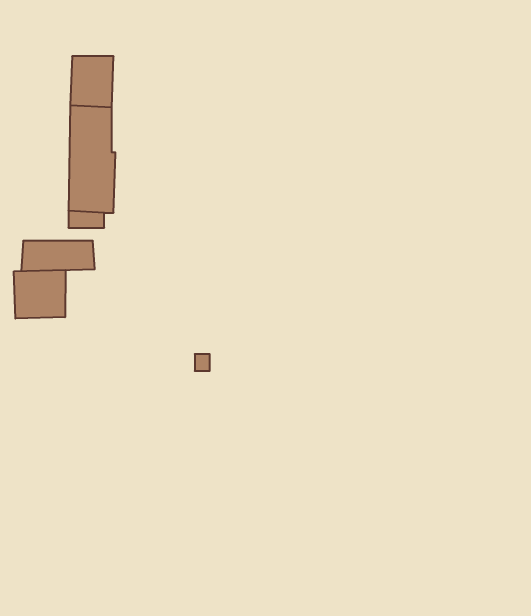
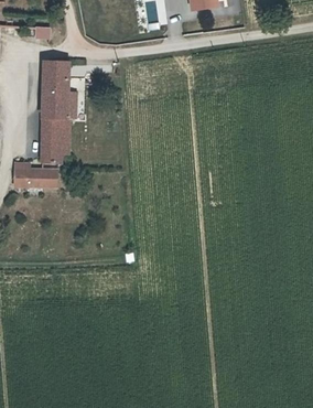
building: [14,270,65,319] -> none

